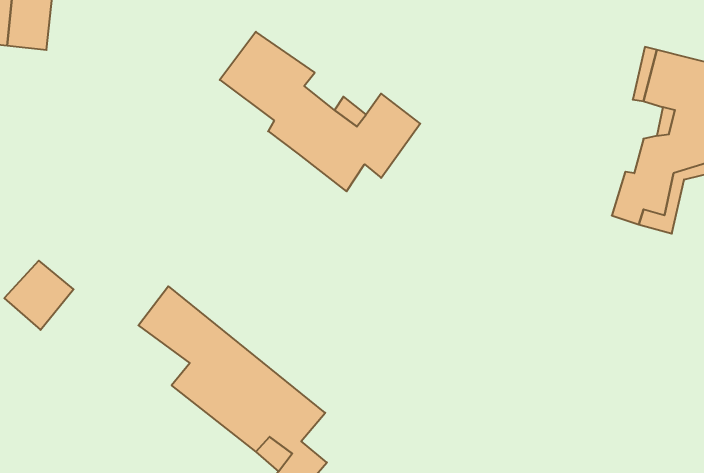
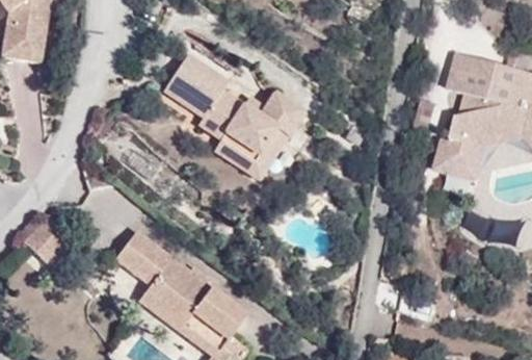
building: none -> [210,133,275,178]

